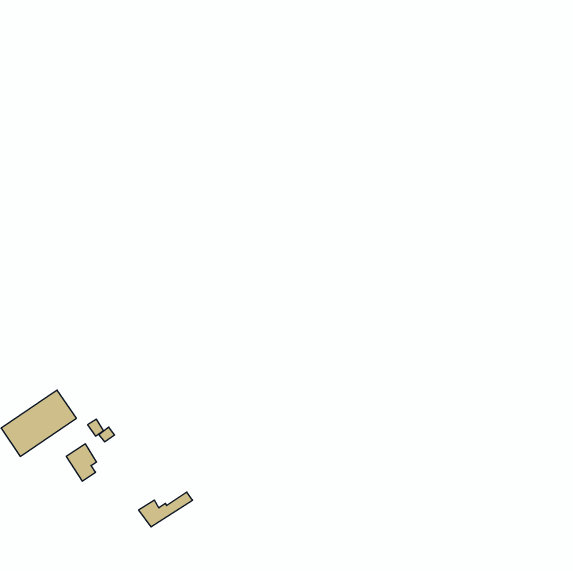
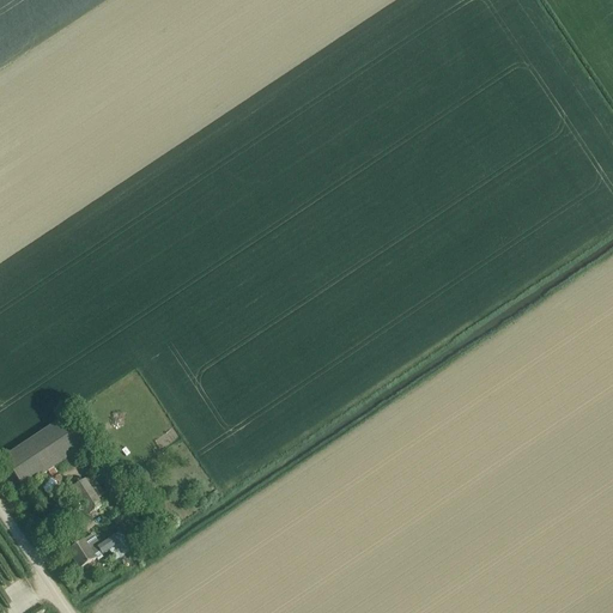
building: [139,492,193,527] -> [66,529,123,566]

